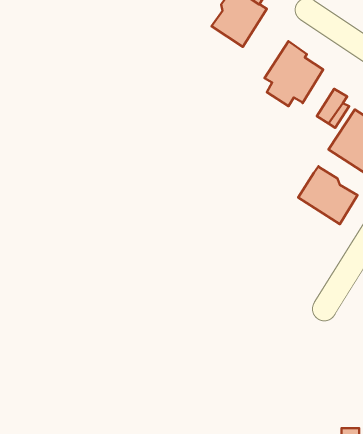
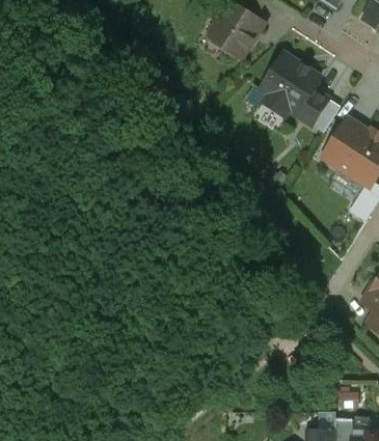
building: none -> [294,88,327,125]
building: [298,166,358,224] -> none

